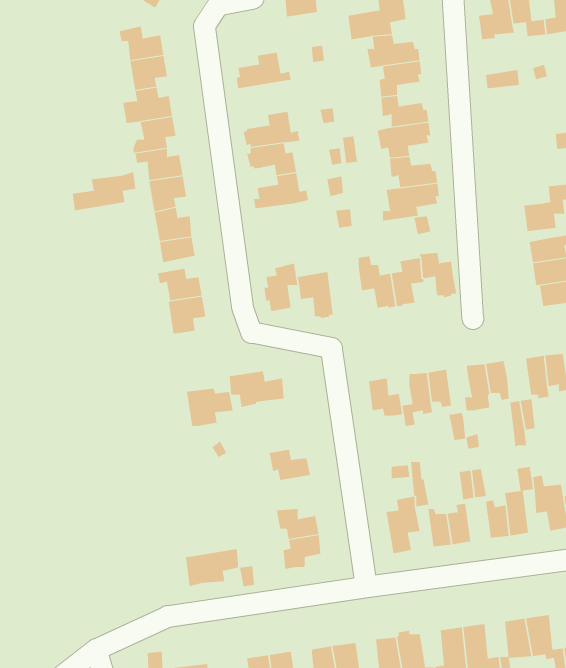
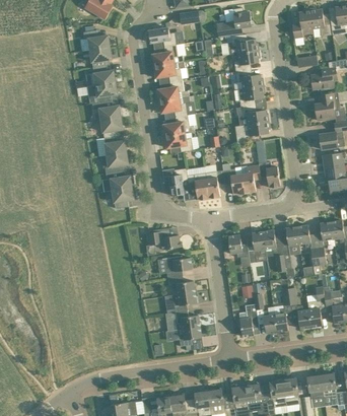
building: none -> [148,26,176,47]
building: none -> [152,61,185,81]
building: none -> [310,67,337,89]
building: none -> [315,92,336,120]
building: [72,171,136,211] -> none
building: none -> [162,133,192,151]
building: none -> [205,169,224,198]
building: [186,388,233,426] -> [164,256,192,278]
building: [185,548,239,587] -> [164,291,196,314]

